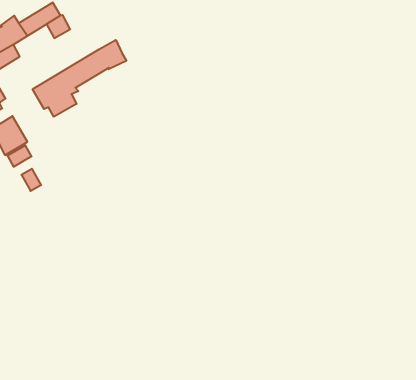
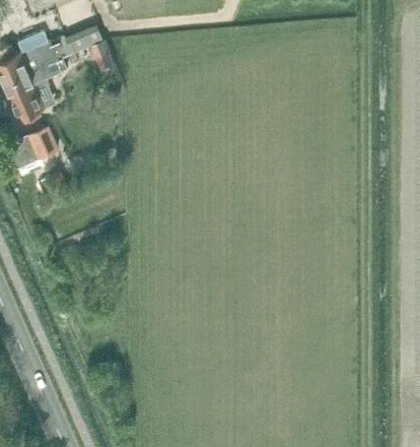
building: [33,40,126,117] -> none

